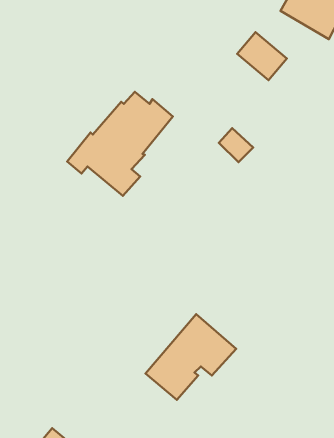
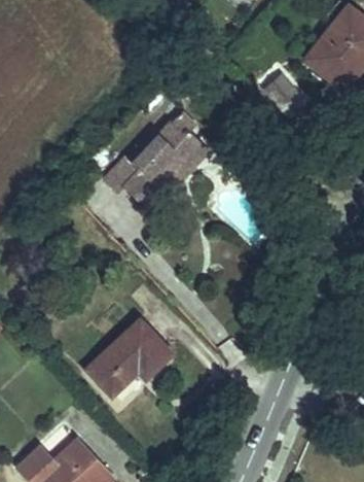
building: [145,314,236,400] -> [83,312,169,389]

